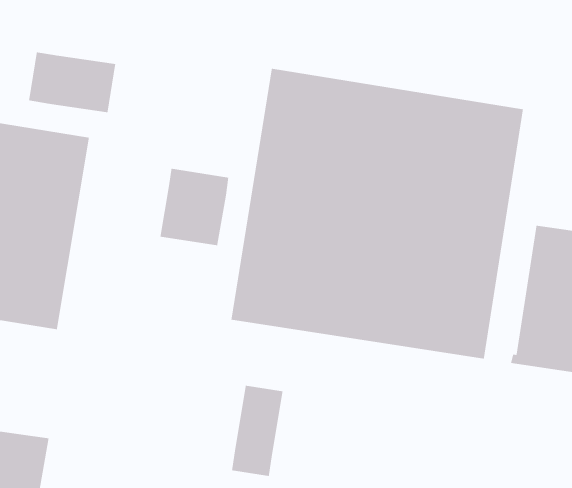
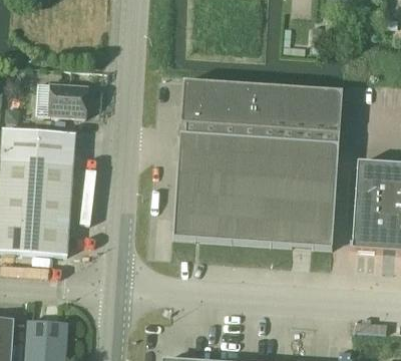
building: [160,168,229,246] -> none
building: [231,385,284,477] -> none

